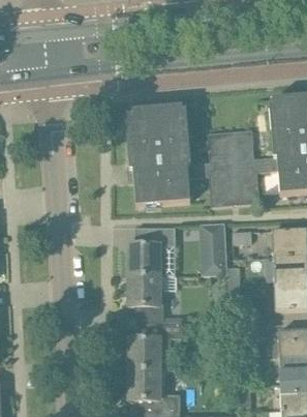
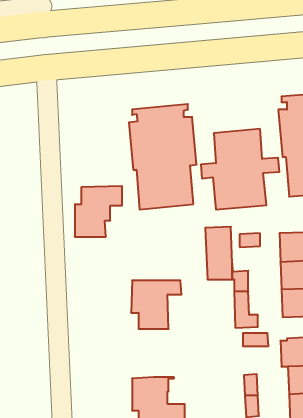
building: [128,227,174,275] -> [75,186,122,237]
building: [128,322,181,369] -> none

